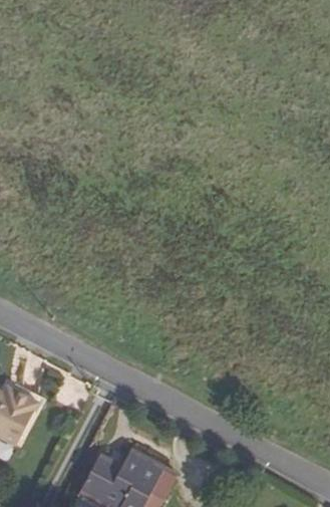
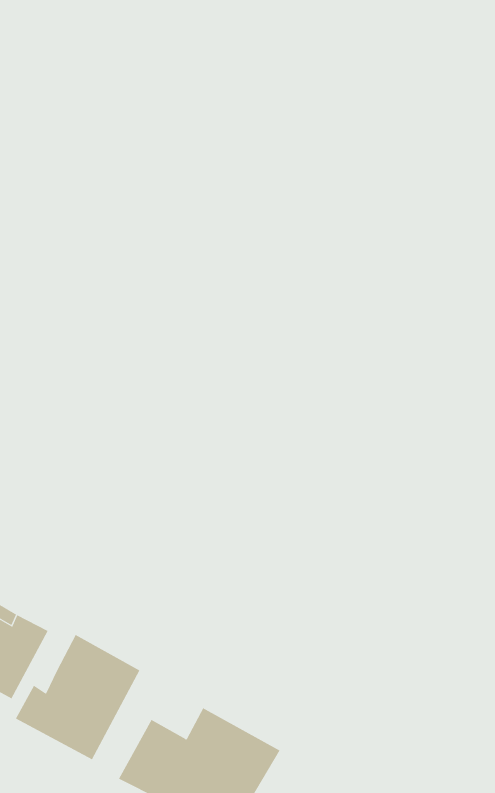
building: none -> [15,634,140,760]

